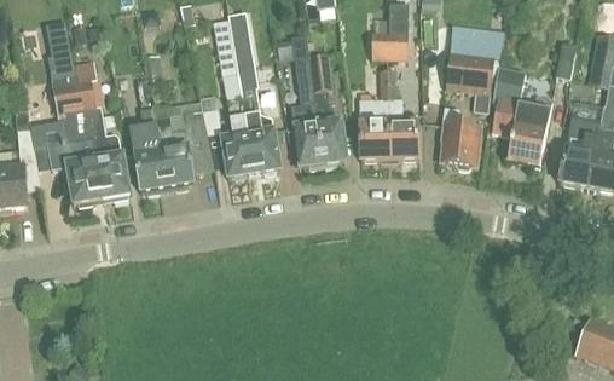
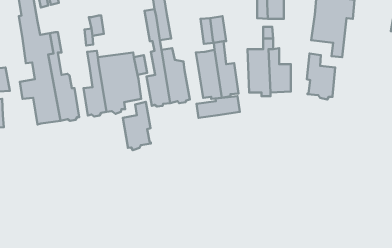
building: [492,67,551,166] -> none
building: none -> [196,96,240,118]
building: none -> [123,102,151,150]

